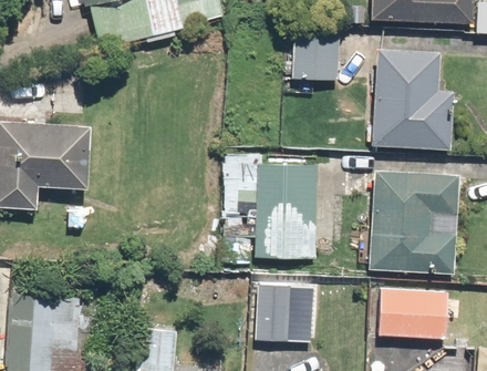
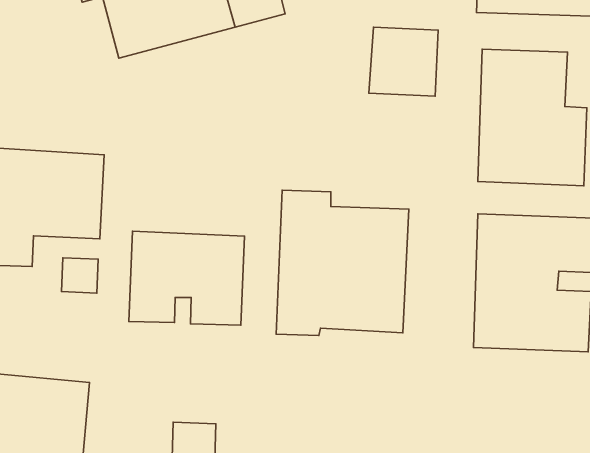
building: none -> [129,231,244,325]
building: [257,282,315,342] -> none
building: [379,289,449,340] -> none

